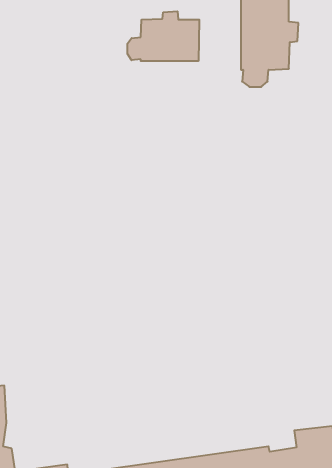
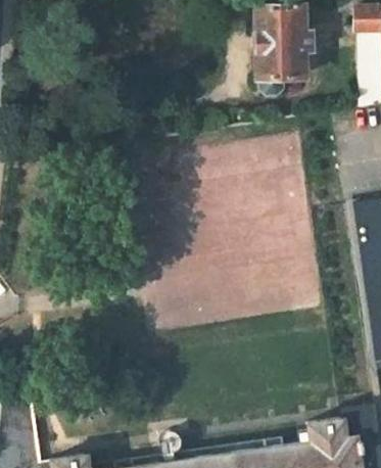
building: [127,11,199,61] -> none

